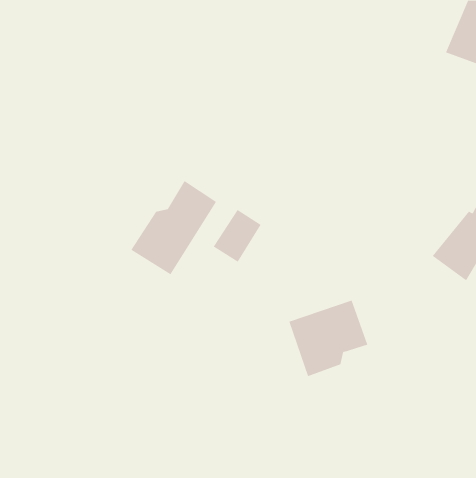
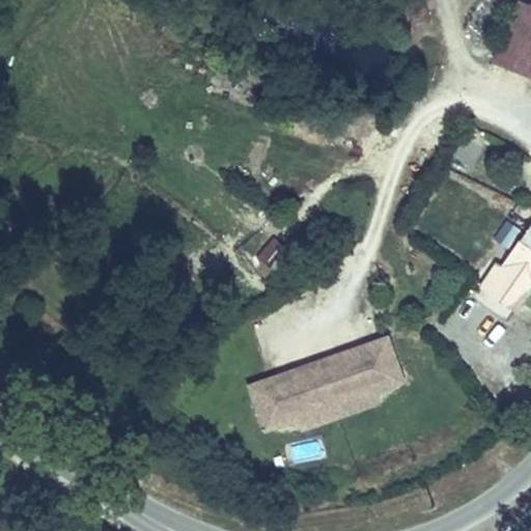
building: [130,180,217,275] -> none
building: none -> [247,357,343,432]

